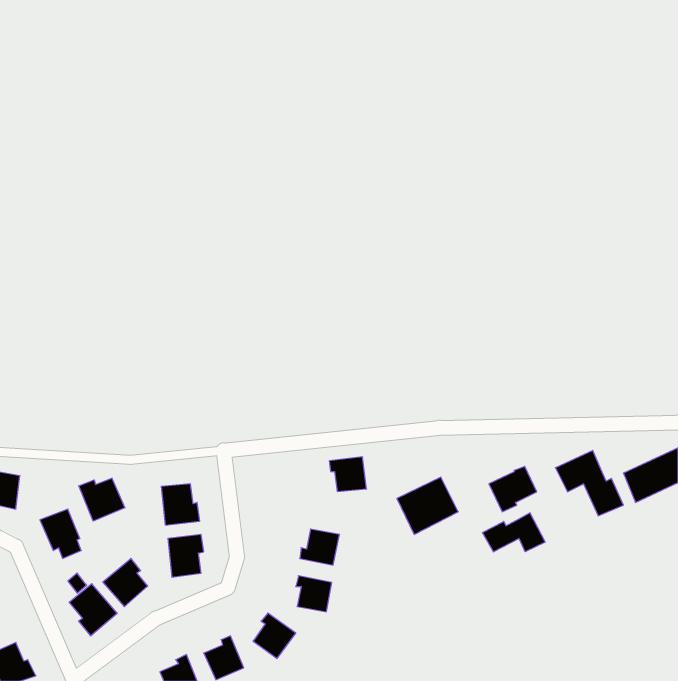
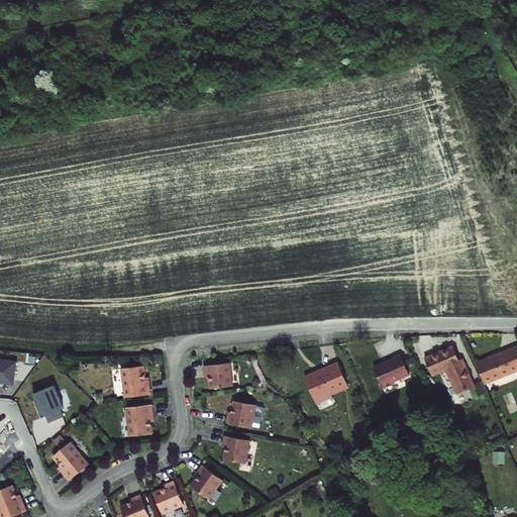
building: [329,457,367,492] -> [205,363,233,389]
building: [79,478,125,521] -> none
building: [483,513,545,552] -> none
building: [103,558,148,607] -> none

